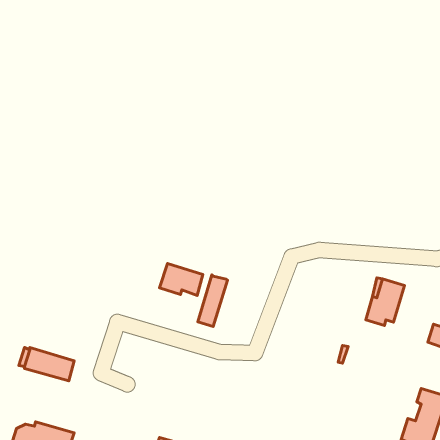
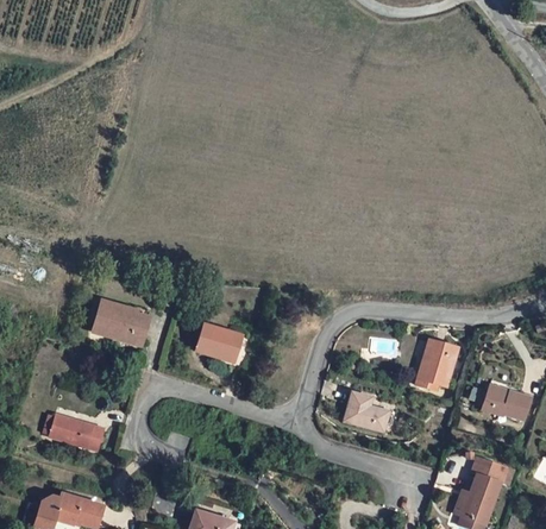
building: none -> [93,301,150,345]
building: [198,275,228,326] -> none
building: none -> [344,392,389,430]

